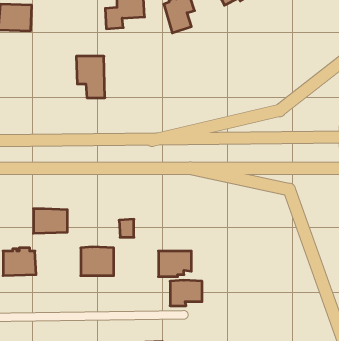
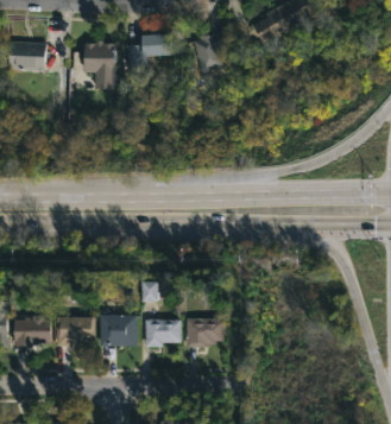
building: [76,56,105,98] -> [84,44,116,90]
building: [33,209,67,233] -> [56,316,94,343]
building: [170,280,202,306] -> [145,318,181,347]

